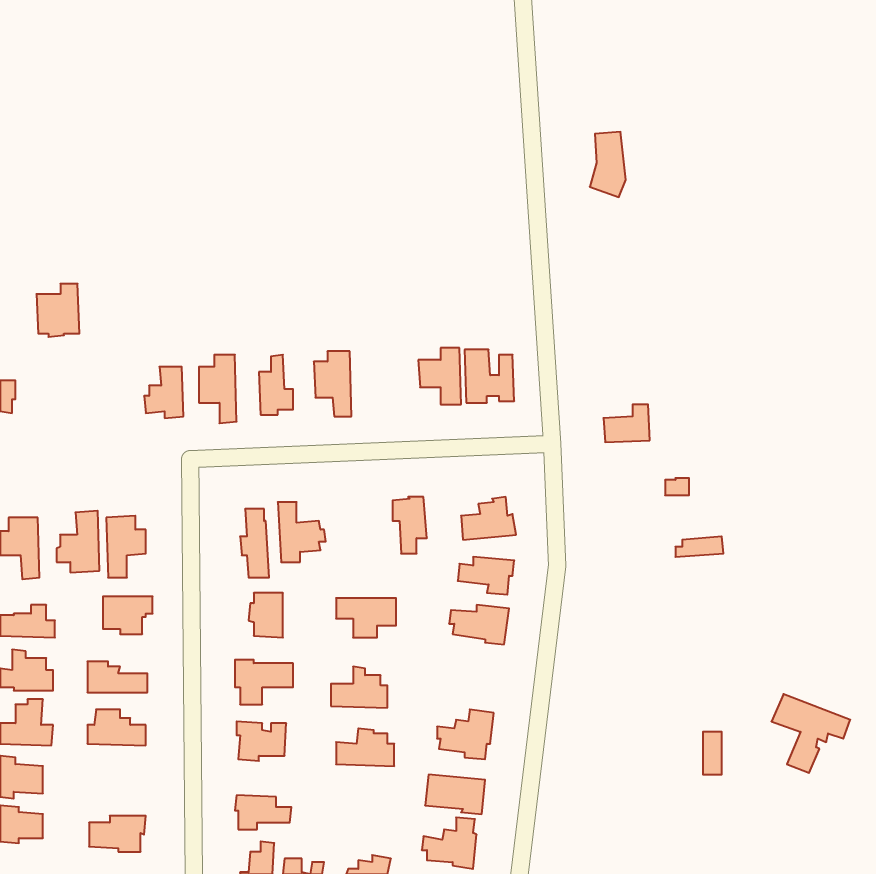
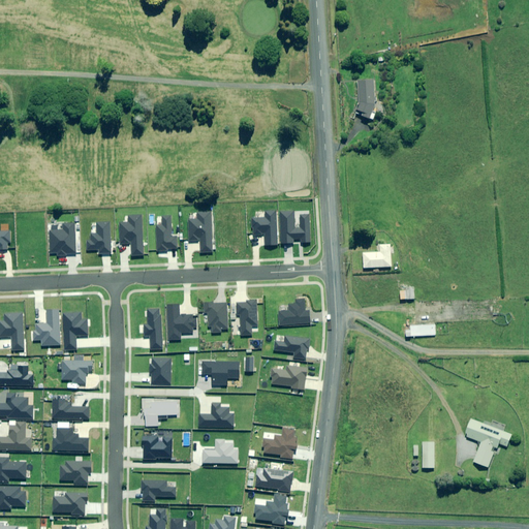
building: [36,284,79,337] -> [50,222,75,254]
building: none -> [205,302,228,333]
building: none -> [60,460,91,483]

